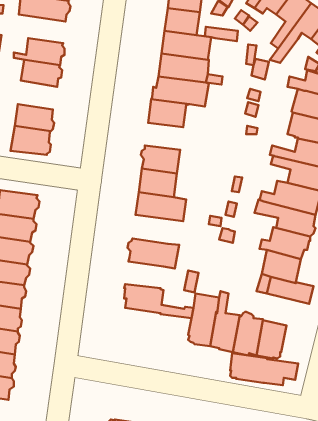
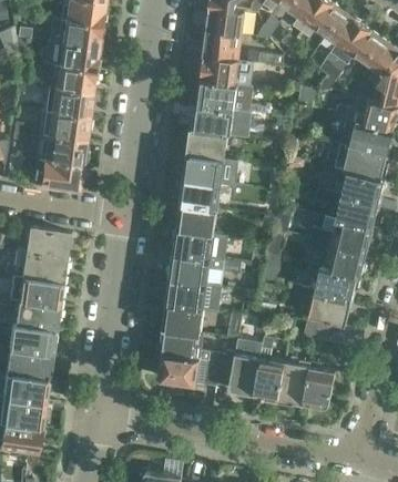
building: none -> [44,39,99,70]
building: none -> [47,110,91,141]
building: none -> [183,155,233,185]
building: none -> [167,254,243,286]
building: none -> [162,304,203,332]
building: [230,353,298,385] -> [160,353,233,388]

